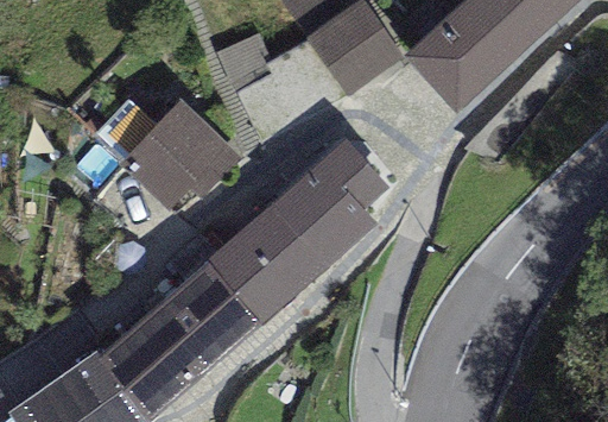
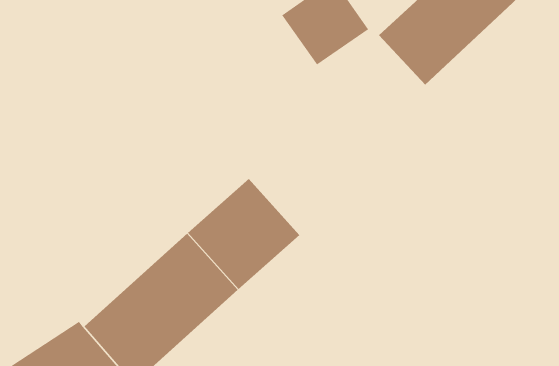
building: [116,97,240,209] -> none
building: [270,139,386,267] -> none

